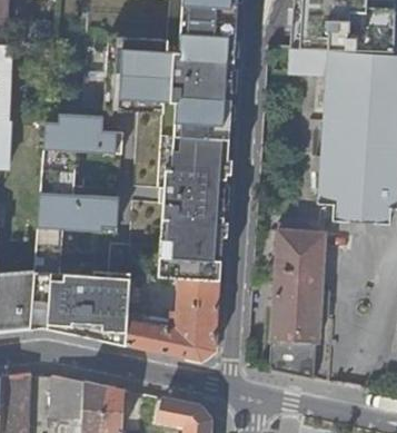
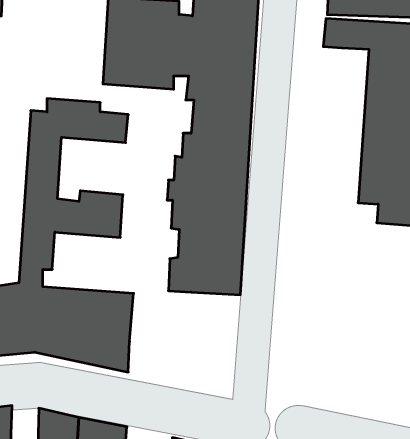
building: [269,232,325,378] -> none
building: [126,277,219,361] -> none

